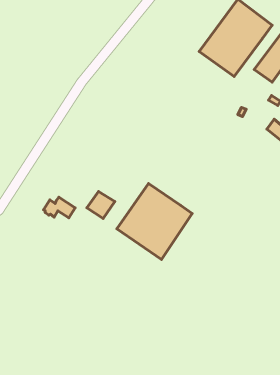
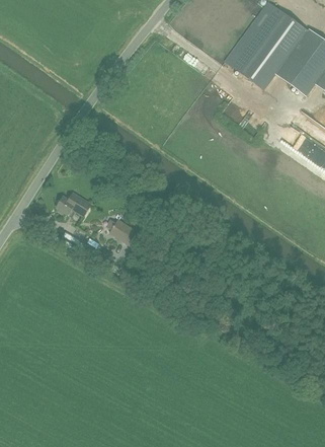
building: [117,183,192,260] -> none
building: [43,197,75,218] -> [55,192,90,215]

